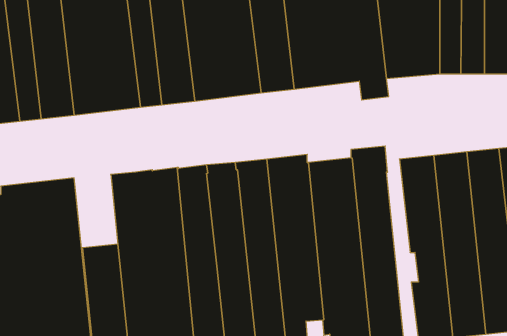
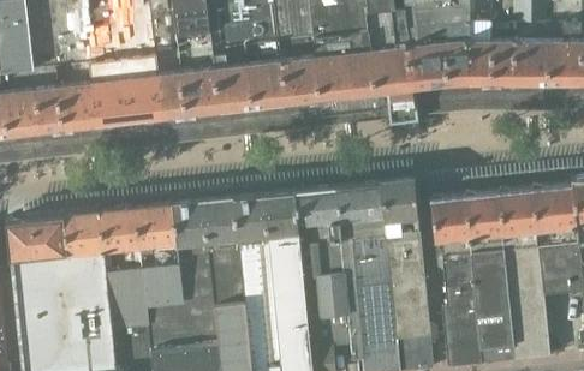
building: none -> [99,201,143,275]

